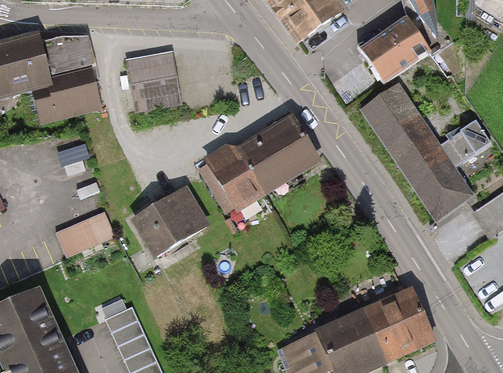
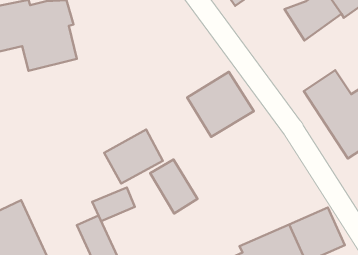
building: [129,56,181,110] -> none
building: [361,85,421,142] -> none
building: [208,150,267,217] -> [150,160,198,213]
building: [60,214,113,256] -> [92,187,135,221]

